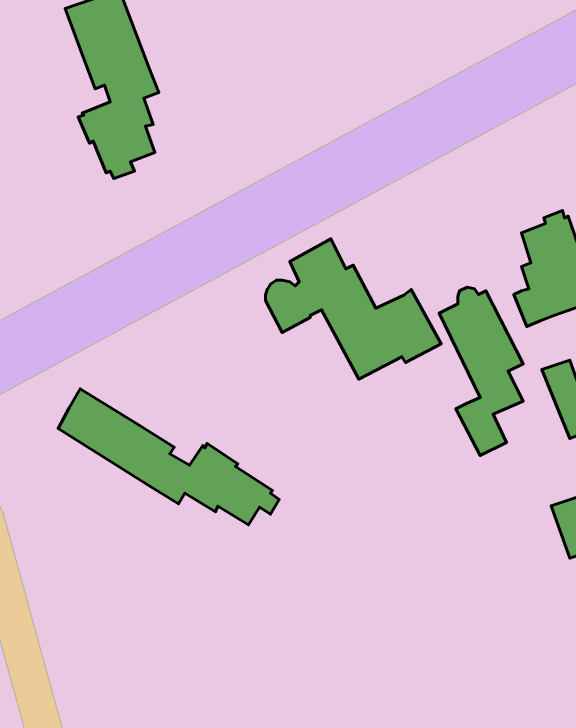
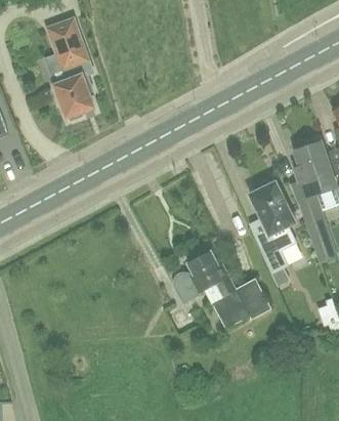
building: [265,239,441,379] -> [174,250,270,327]
building: [58,389,279,525] -> none

